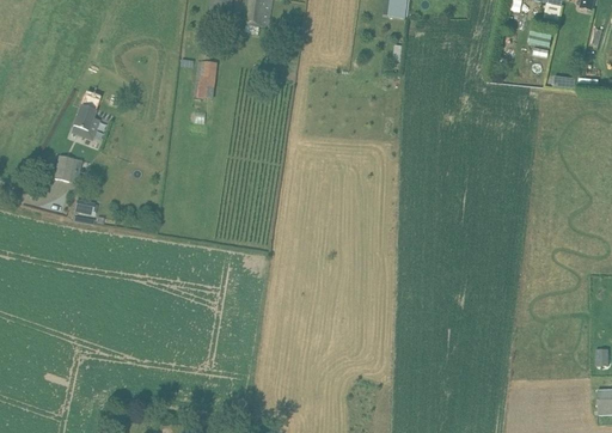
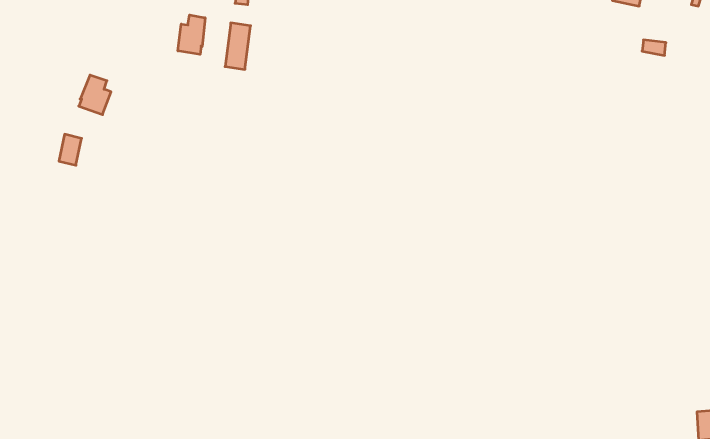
building: none -> [178,15,205,54]

